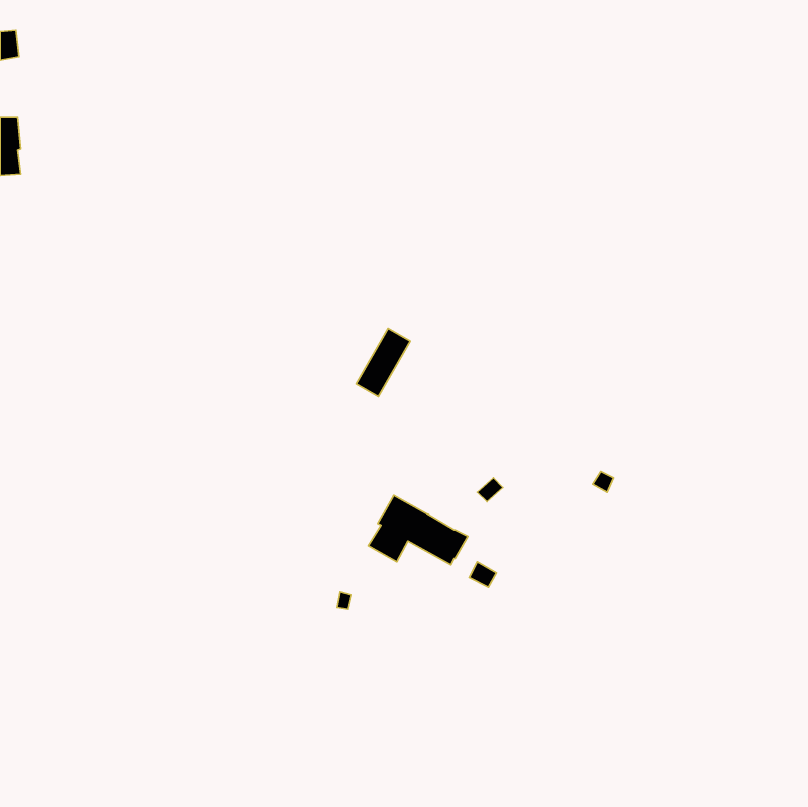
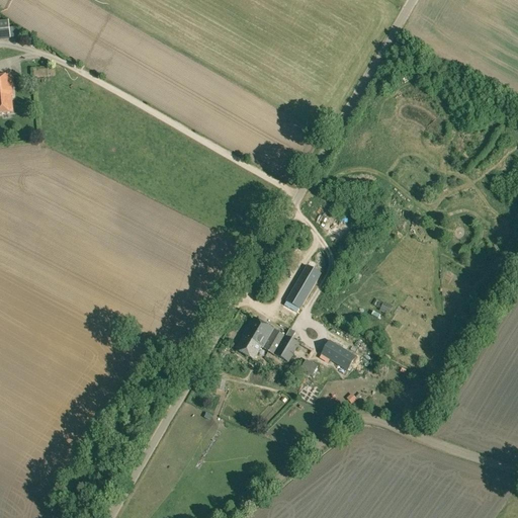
building: [356,329,410,397] -> [286,265,321,309]
building: none -> [321,340,355,370]

